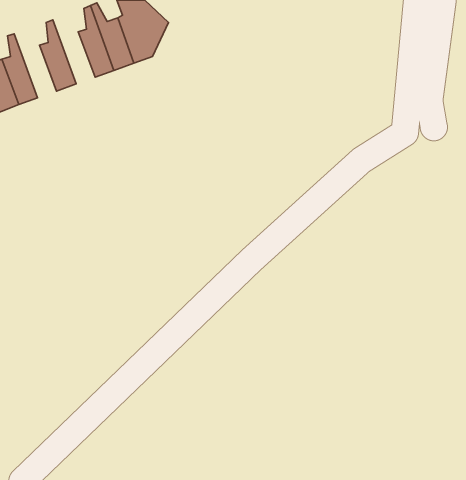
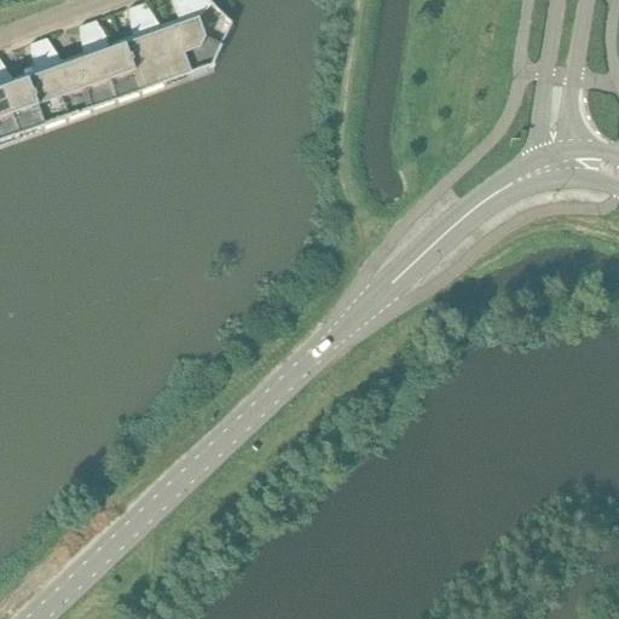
building: none -> [68,24,122,109]
building: none -> [18,41,73,127]

